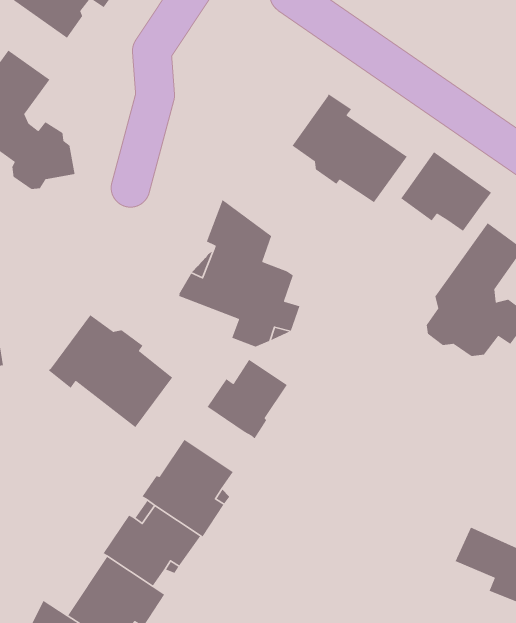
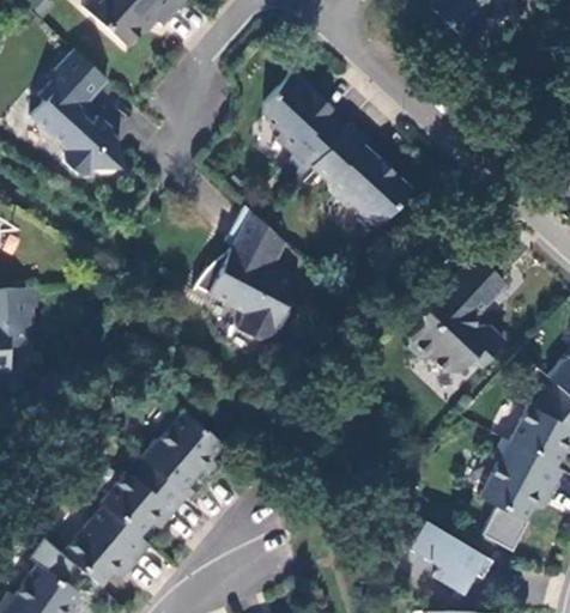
building: none -> [265,73,350,171]
building: [400,151,492,232] -> none
building: [48,314,173,428] -> none
building: [207,359,288,439] -> none

